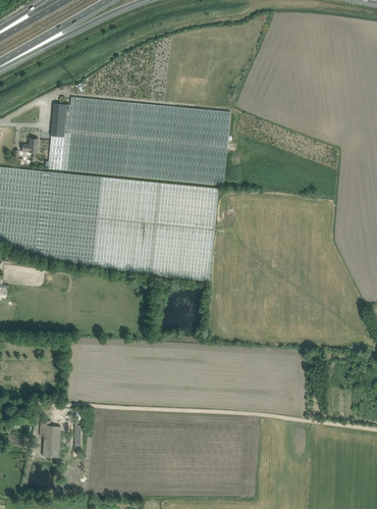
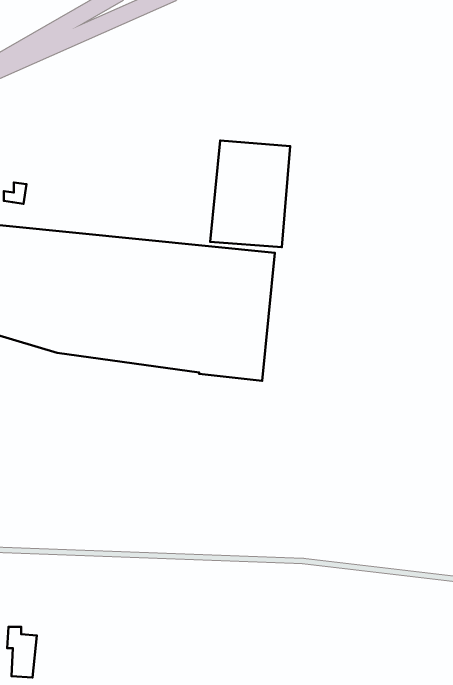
building: [48,96,178,180] -> none
building: [40,419,61,456] -> [7,627,37,678]

